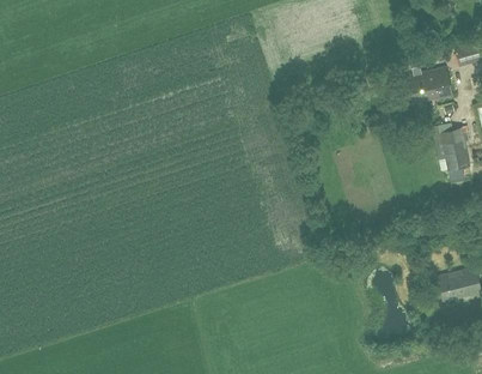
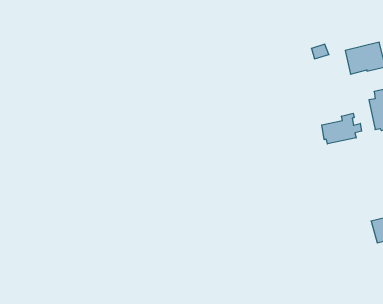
building: none -> [322,113,362,144]

